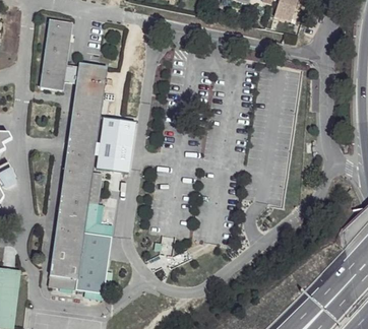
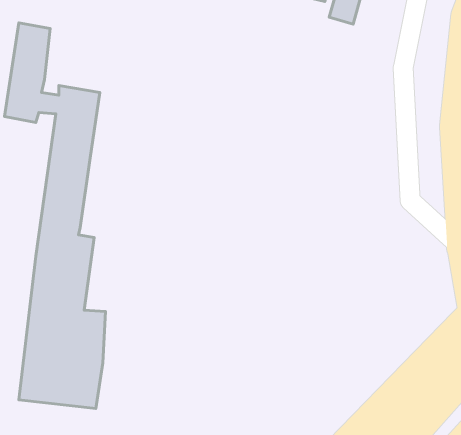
building: [94,116,135,171] -> none

